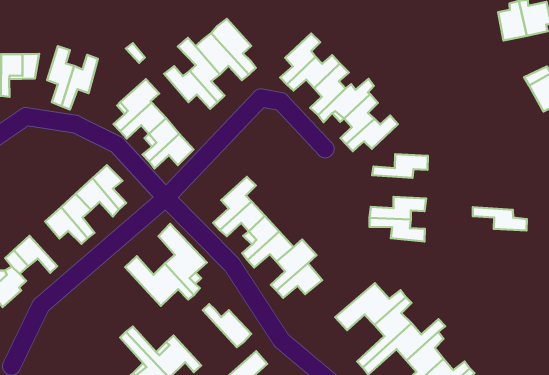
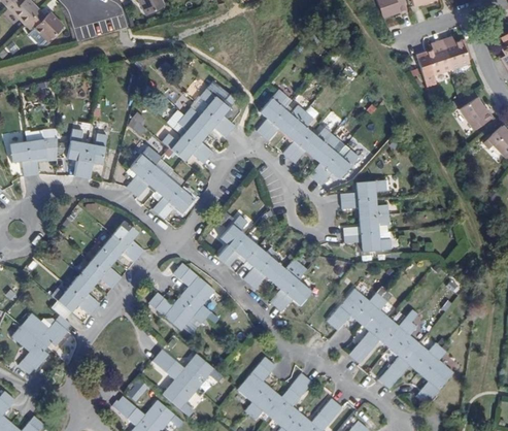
building: [473,207,527,231] -> [341,199,387,217]
building: none -> [68,273,99,308]
building: [203,304,251,347] -> none

